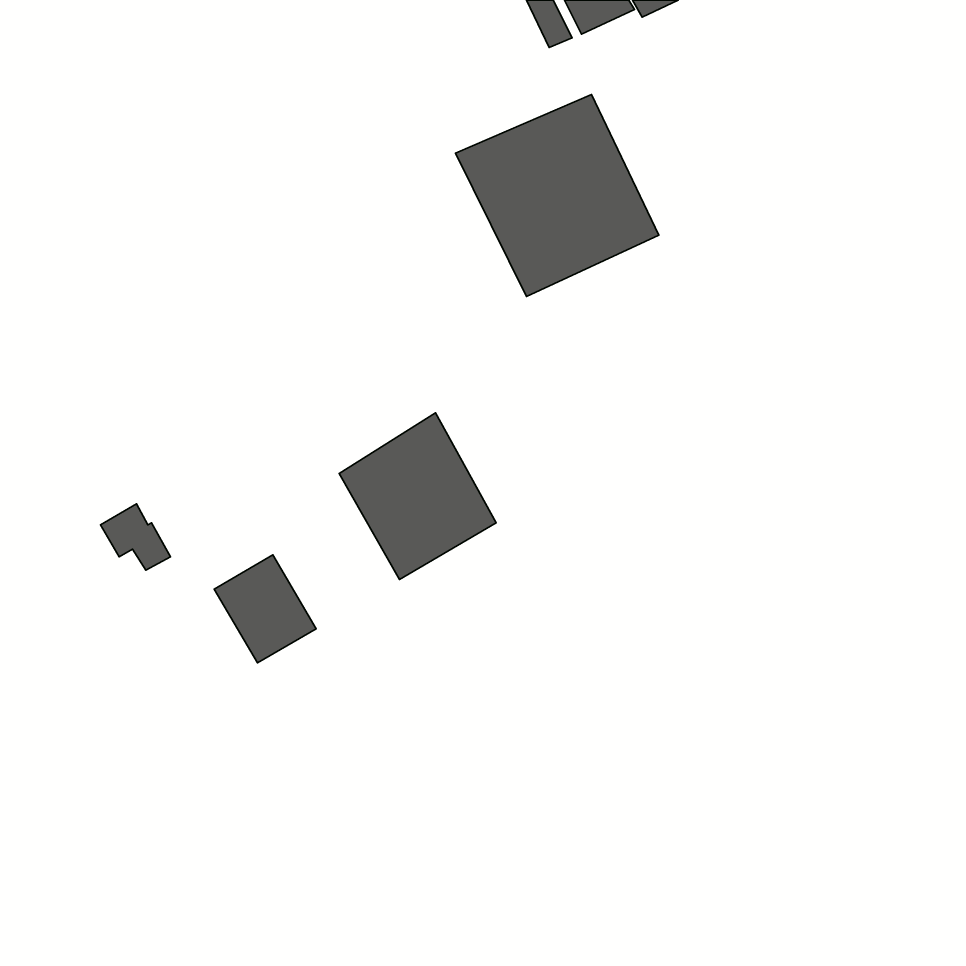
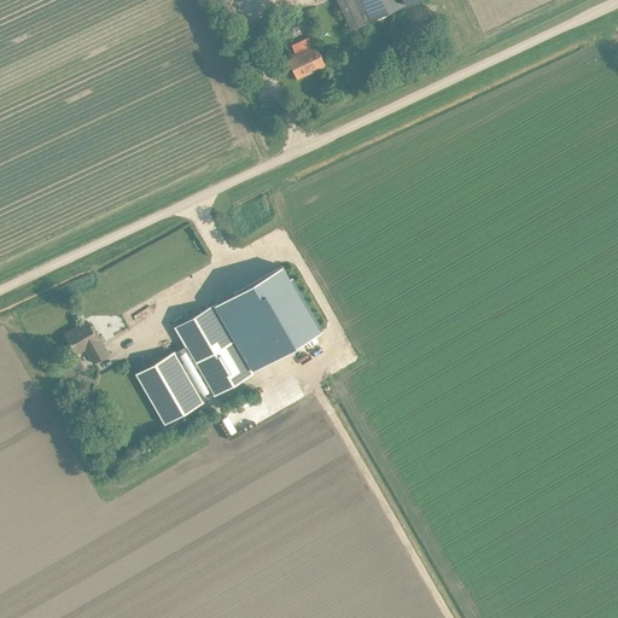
building: none -> [288,47,325,80]
building: [455,95,659,296] -> none
building: none -> [176,308,252,395]

